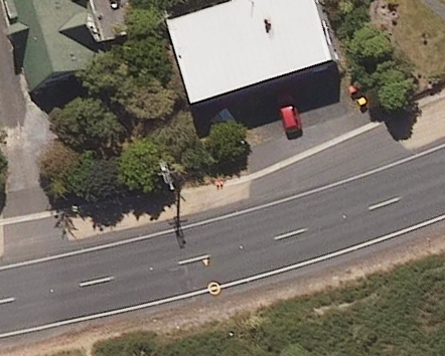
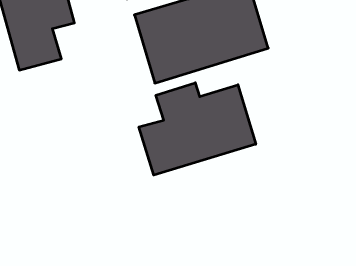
building: none -> [139,83,256,175]

